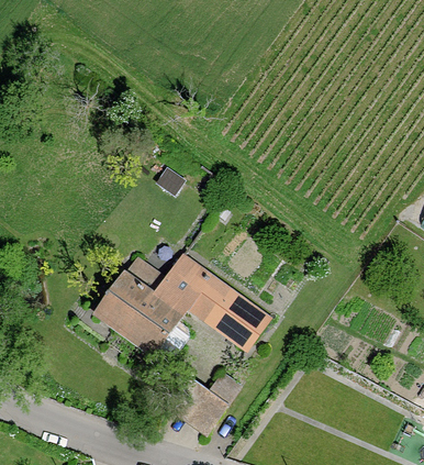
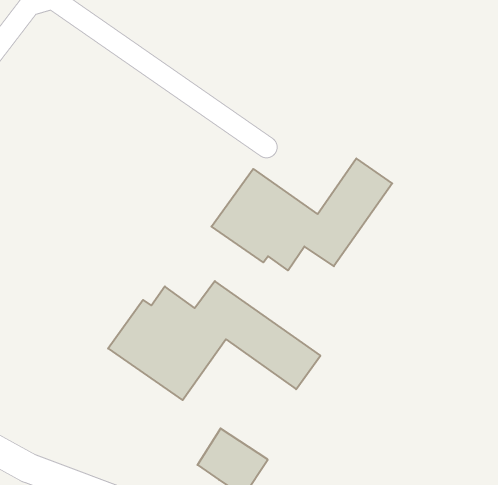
building: none -> [211,158,392,270]

